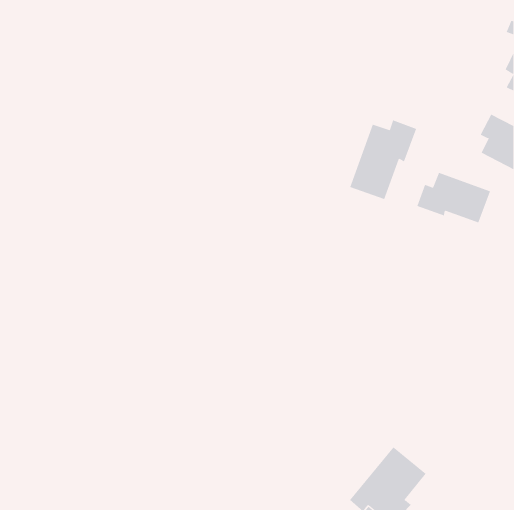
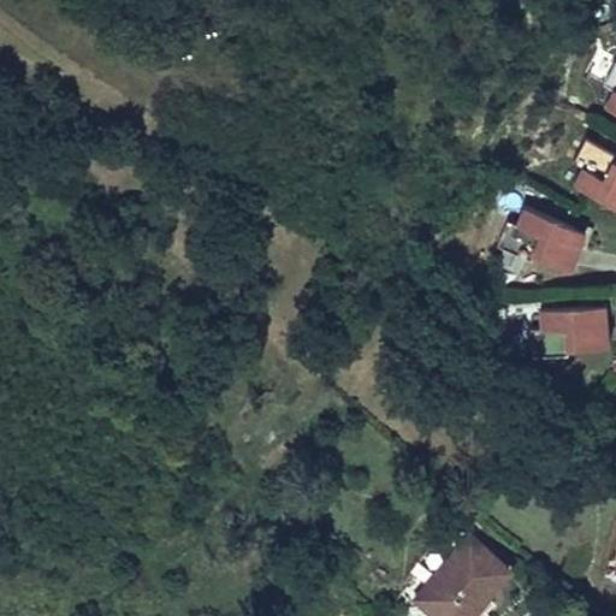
building: [349,120,417,200] -> none
building: none -> [531,306,610,360]

